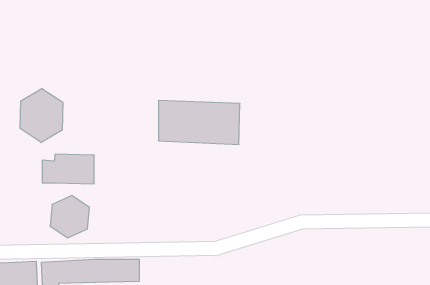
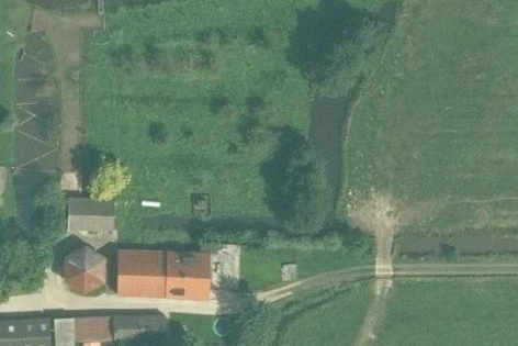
building: [20,88,63,143] -> none
building: [158,100,240,145] -> [117,250,209,300]

